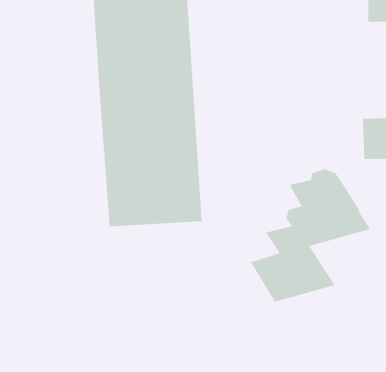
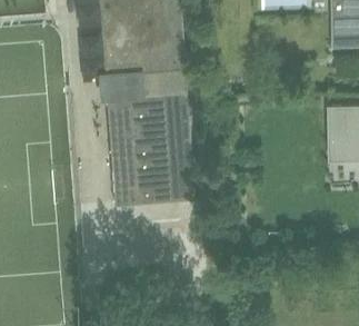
building: [250,169,371,302] -> none

